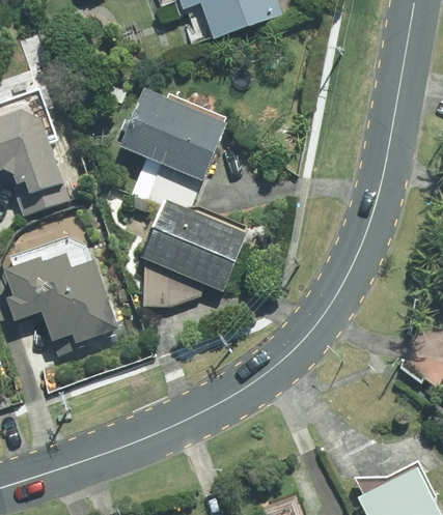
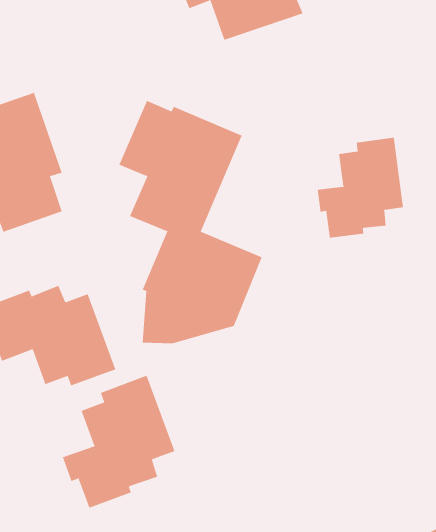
building: none -> [317,137,403,239]
building: none -> [62,375,175,508]

